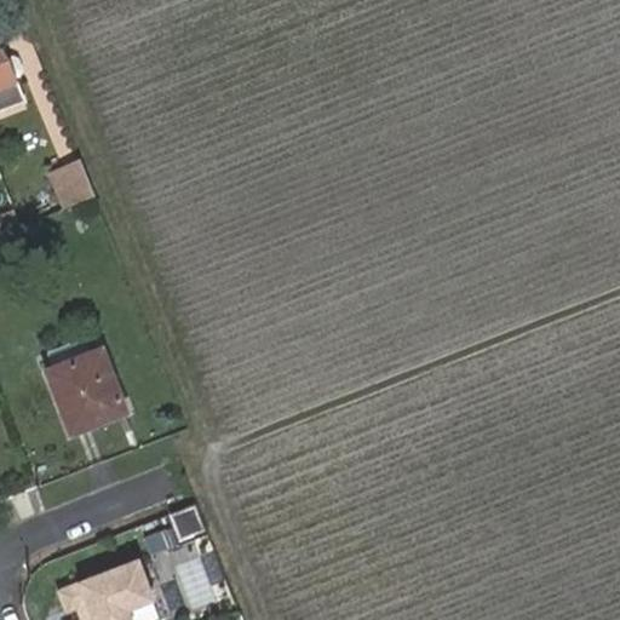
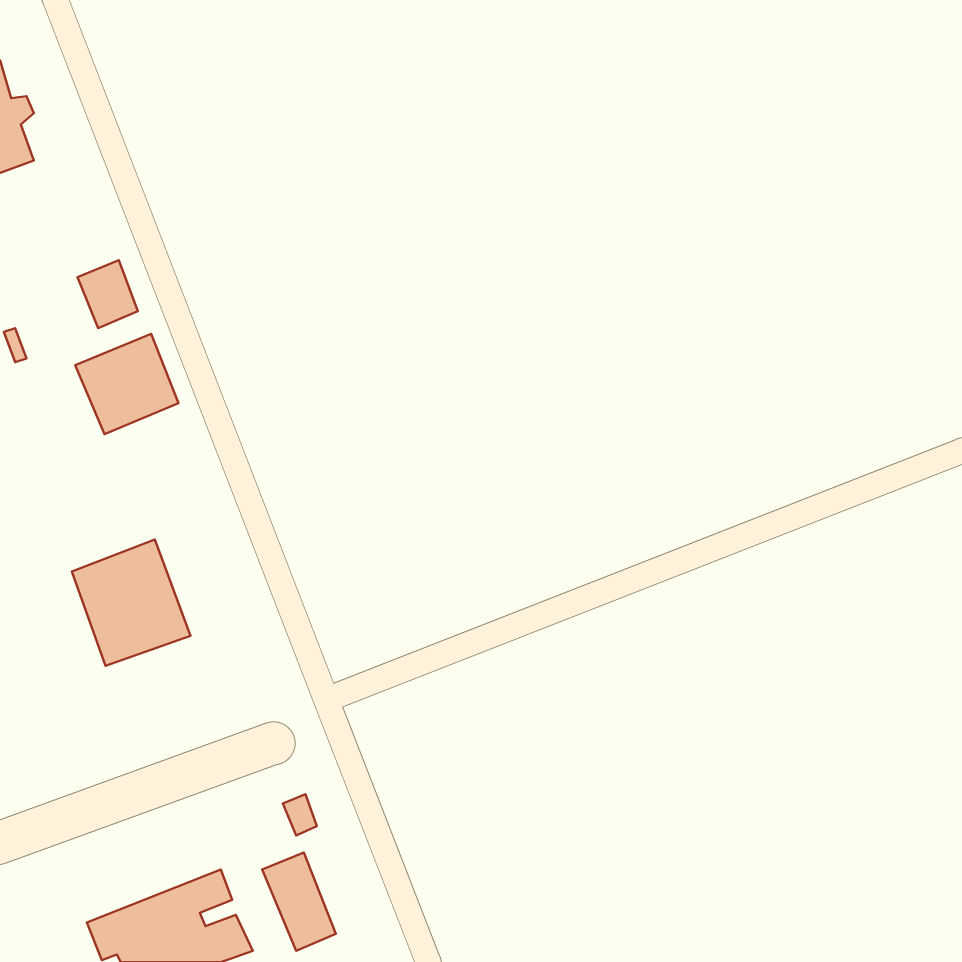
building: none -> [75,334,179,434]

